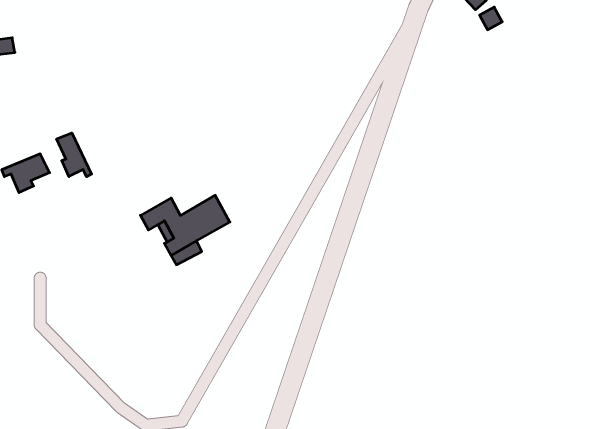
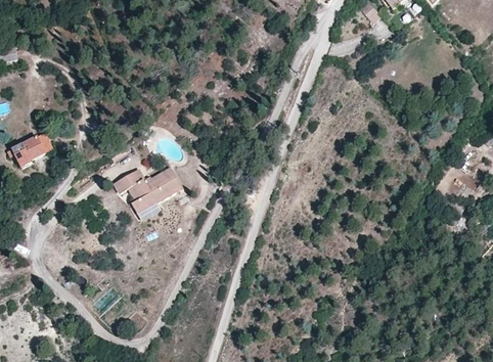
building: [57,133,92,177] -> none

